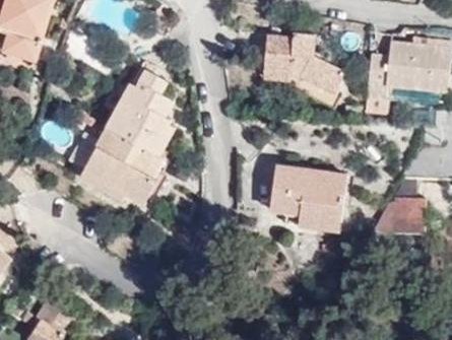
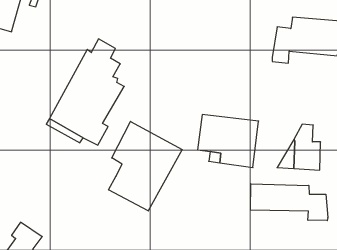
building: [262,32,345,93] -> none
building: none -> [109,121,182,211]
building: none -> [250,184,328,221]

